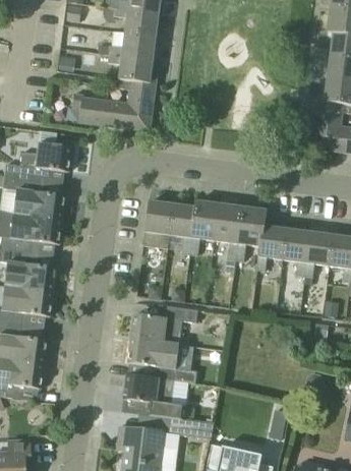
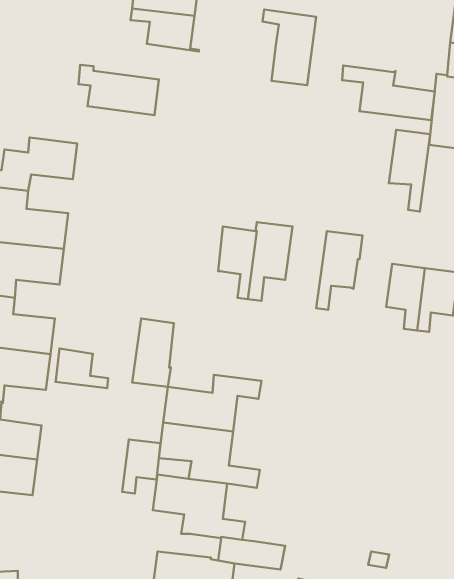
building: [118,78,155,130] -> [263,10,316,85]
building: none -> [342,66,435,120]
building: [142,200,171,247] -> [132,319,174,387]
building: [214,203,242,259] -> [389,130,430,211]
building: [255,226,287,270] -> none
building: none -> [55,348,108,388]
building: none -> [122,440,160,494]

